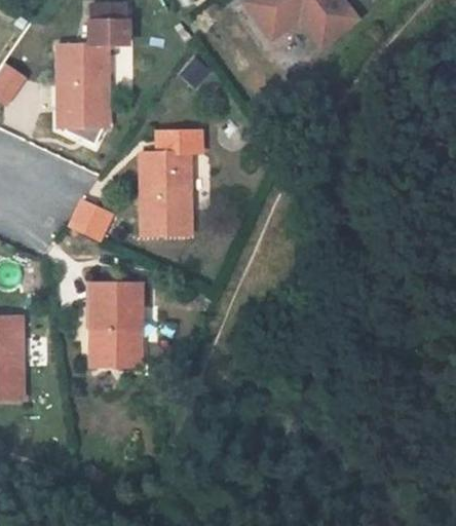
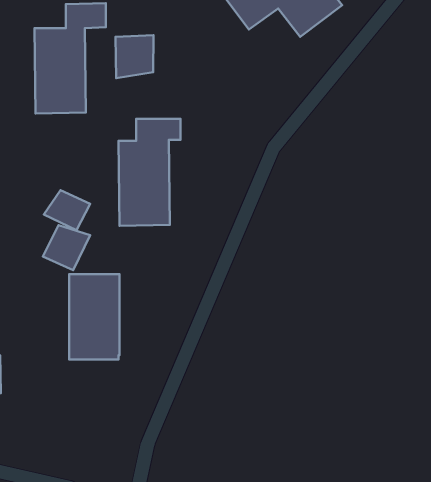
building: none -> [116,35,153,78]
building: none -> [43,225,90,270]

